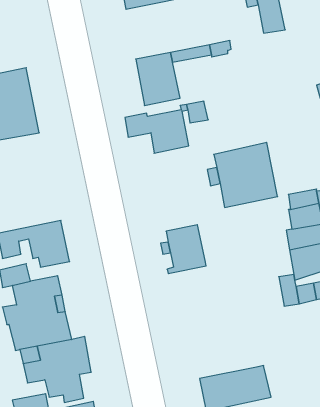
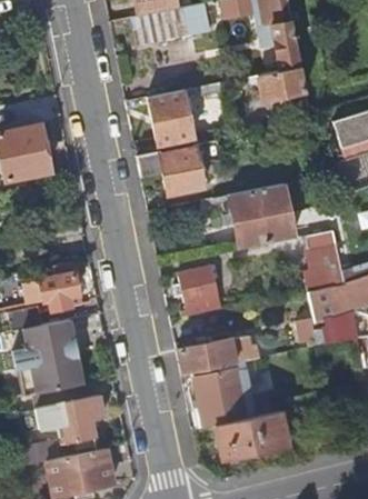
building: none -> [251,68,307,103]
building: none -> [177,338,263,376]
building: none -> [195,371,275,428]

